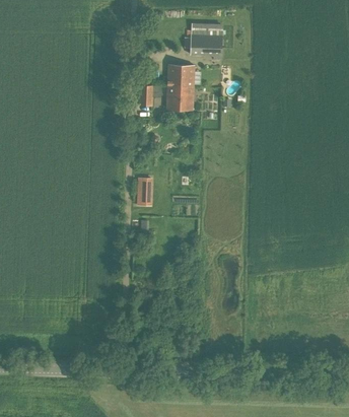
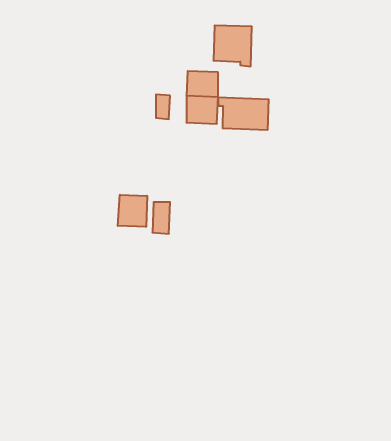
building: none -> [218,97,269,130]
building: none -> [118,195,147,227]

